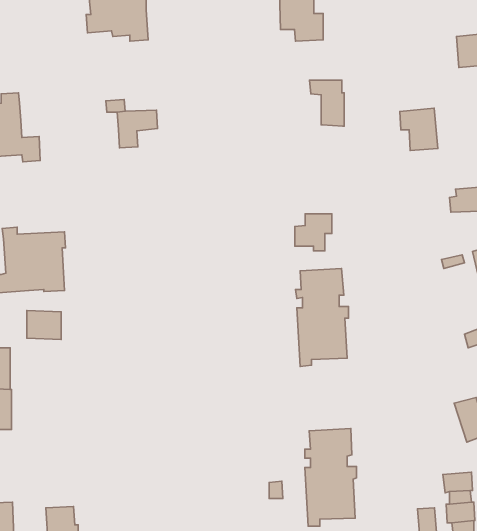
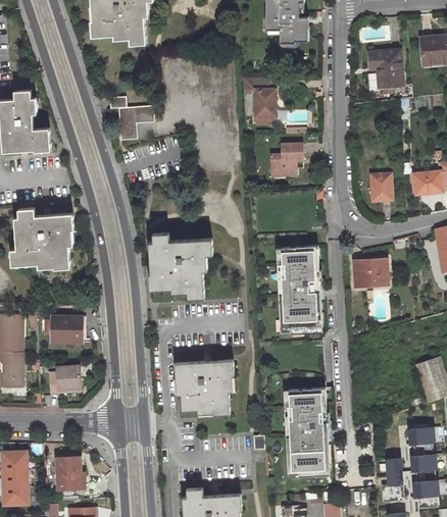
building: [310,80,344,126] -> [244,79,275,119]
building: [400,108,438,151] -> [366,52,400,90]
building: none -> [370,175,392,202]
building: [295,214,332,251] -> [271,145,304,177]
building: none -> [148,231,212,299]
building: none -> [353,261,387,289]
building: [27,311,61,339] -> [52,317,83,343]
building: none -> [175,360,234,414]
building: none -> [49,367,80,395]

